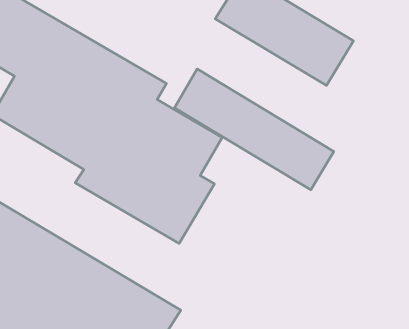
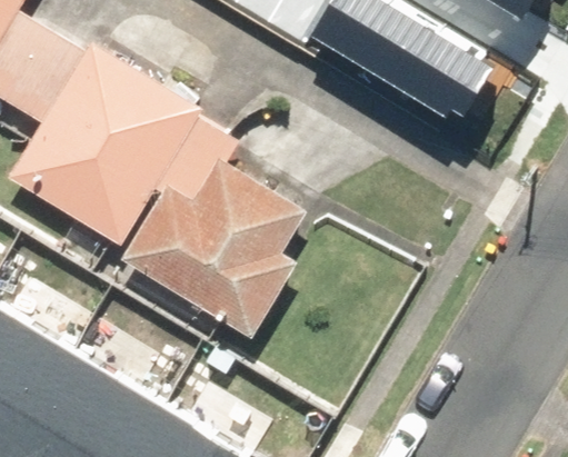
building: [175,69,334,190] -> none

